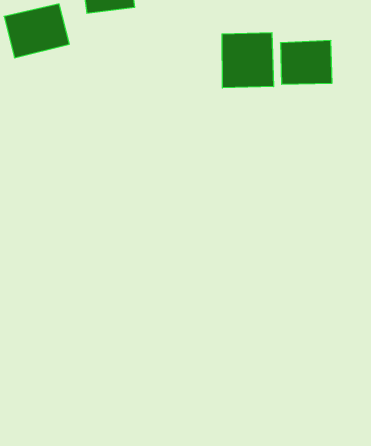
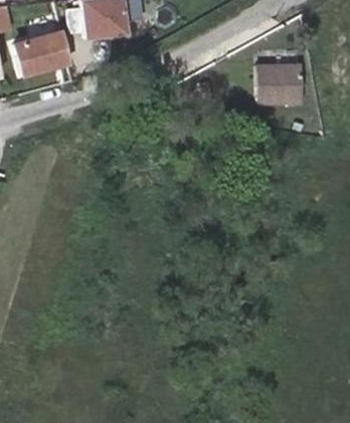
building: [222,33,274,88] -> none

